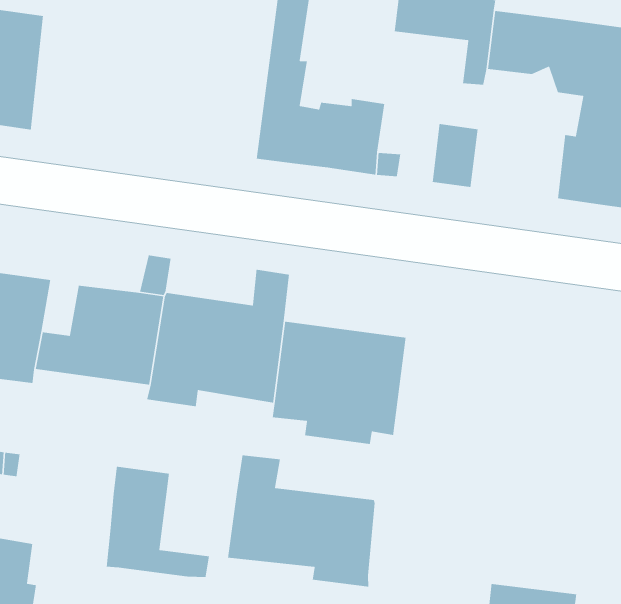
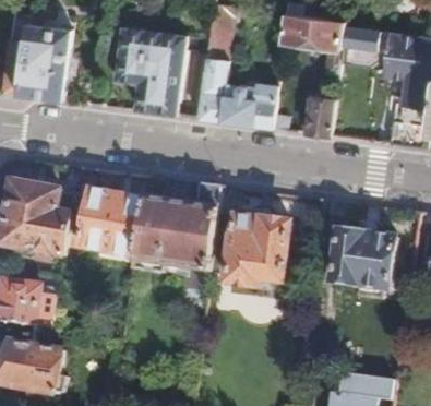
building: none -> [112,24,185,112]
building: none -> [331,230,394,300]
building: [227,454,375,587] -> none
building: [106,466,210,578] -> none

